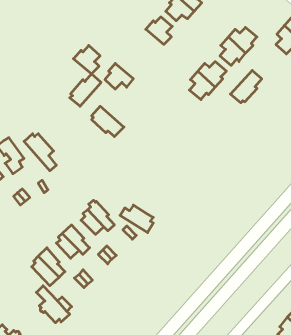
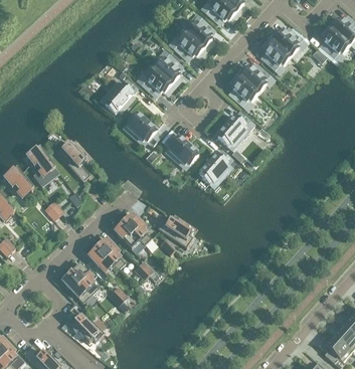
building: none -> [173,32,203,59]
building: [73,45,100,74] -> [152,54,180,84]
building: [230,70,262,103] -> [216,112,249,146]
building: none -> [164,133,198,166]
building: none -> [199,150,231,184]

